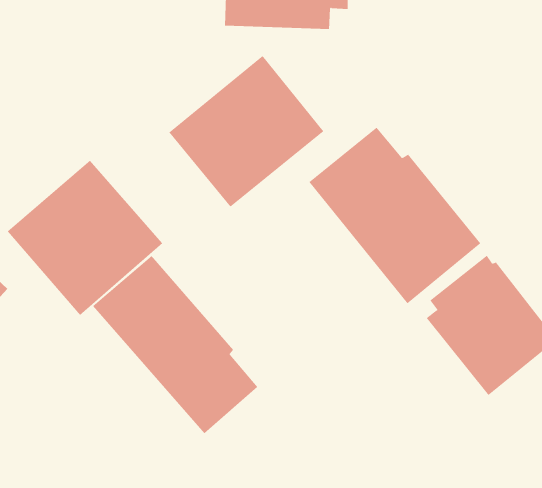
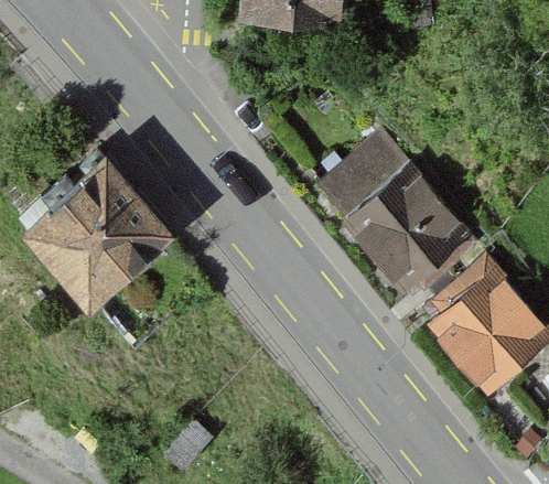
building: [168,55,324,207] -> none
building: [92,255,258,434] -> none

